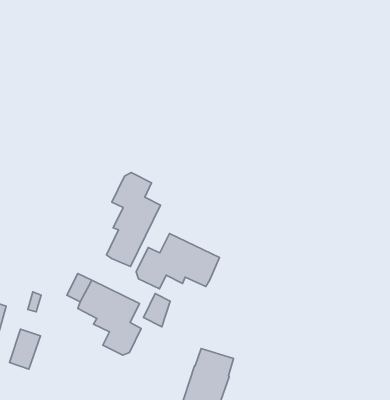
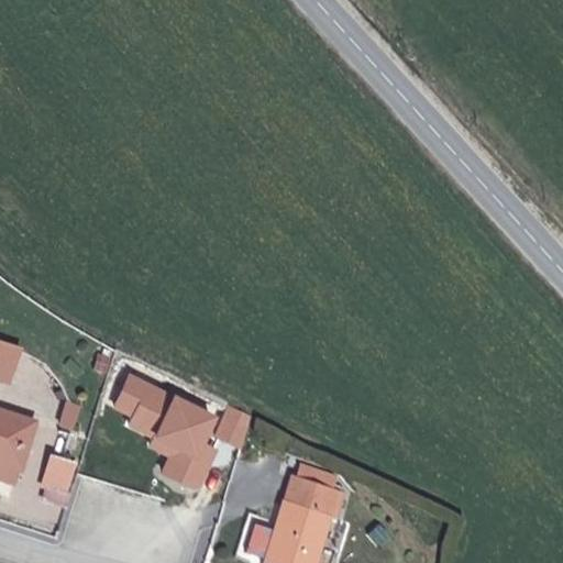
building: [106,172,161,266] -> none
building: [136,233,219,289] -> none

